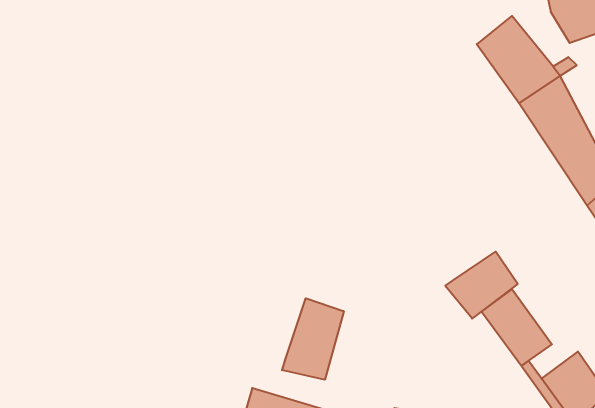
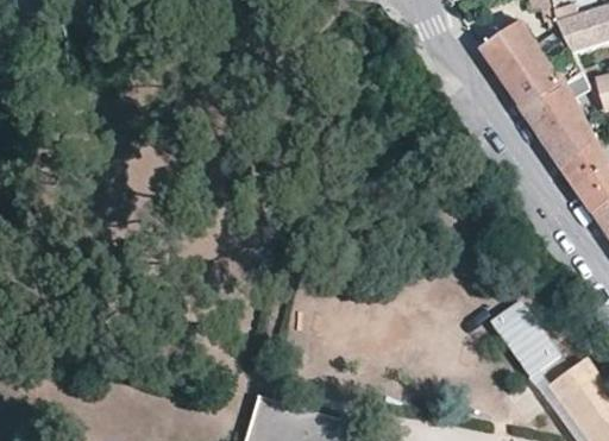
building: [445,252,518,319] -> none
building: [282,298,344,380] -> none

